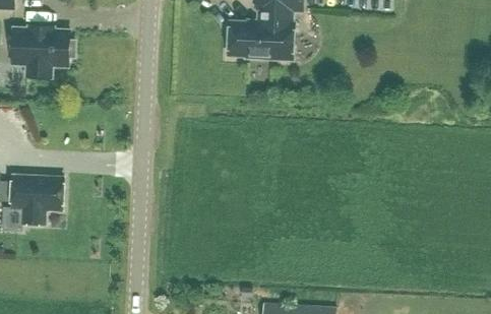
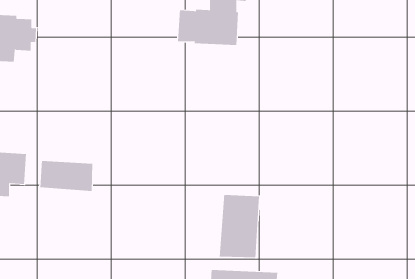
building: none -> [40,160,93,192]
building: none -> [219,194,259,258]

